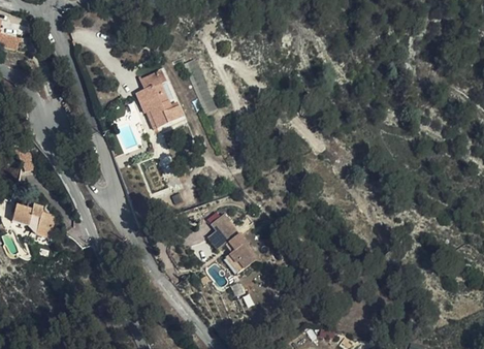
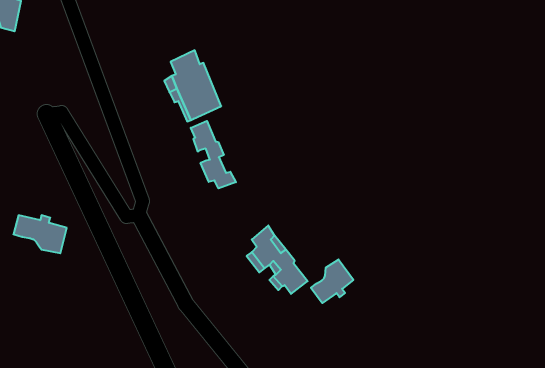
building: none -> [191,121,236,188]
building: none -> [311,259,353,303]

